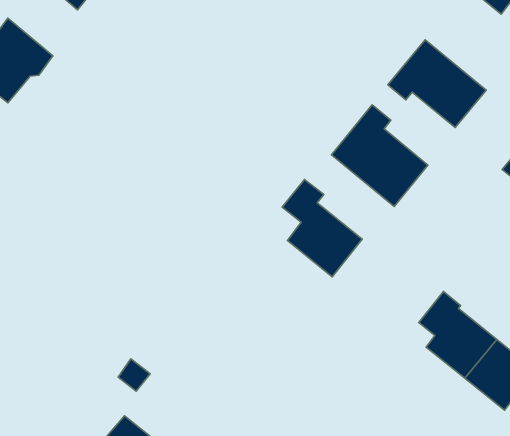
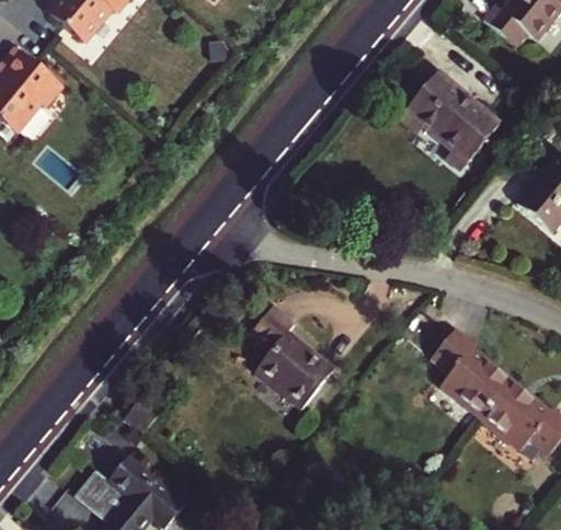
building: [332,105,428,206] -> none
building: [282,179,362,277] -> [251,309,333,408]

